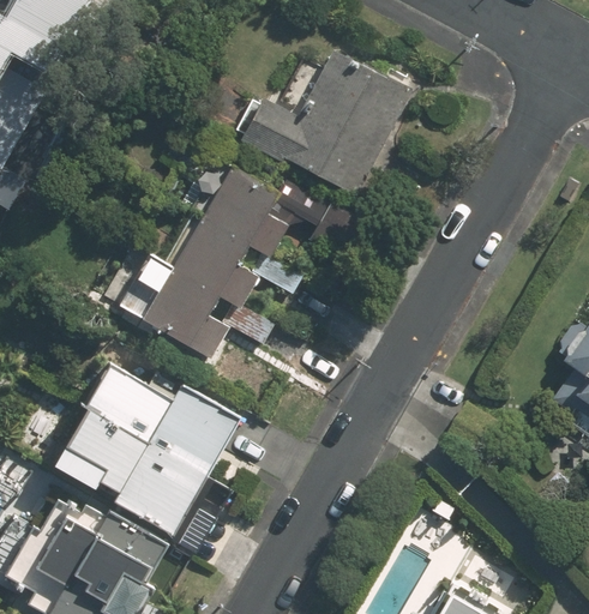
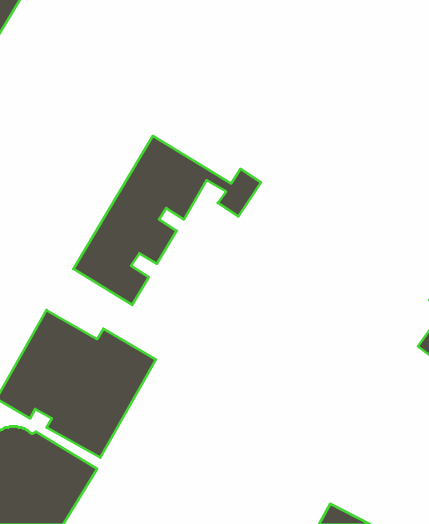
building: [239,53,413,199] -> none

